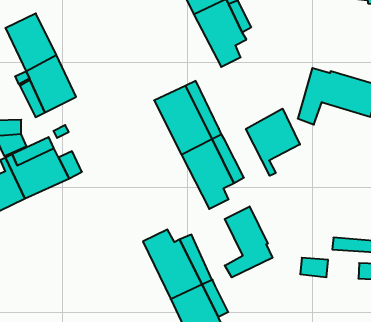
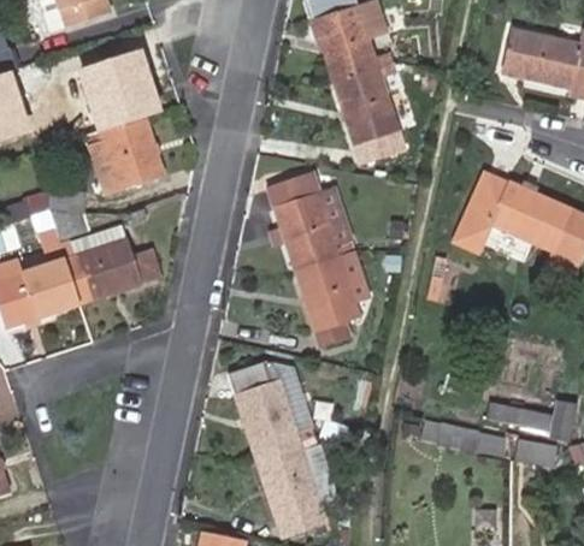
building: [246,109,300,176] -> none
building: [225,206,272,277] -> none

